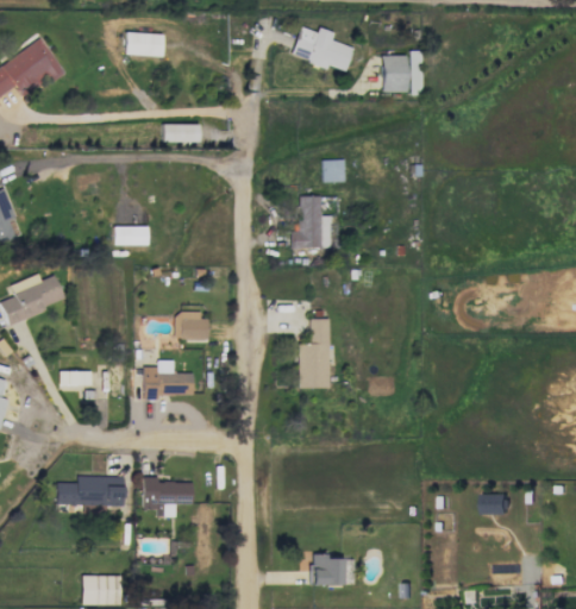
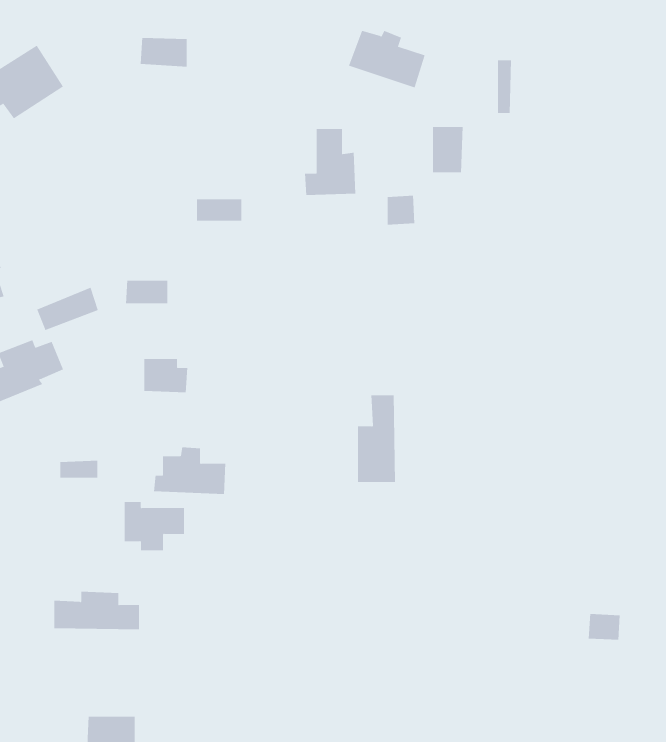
building: [382,55,407,92] -> [432,127,463,173]
building: [162,124,199,142] -> [196,199,242,221]
building: [290,195,332,249] -> [304,128,356,195]
building: none -> [36,287,98,331]
building: [174,312,209,339] -> [143,358,188,393]
building: [144,477,193,516] -> [124,502,185,551]
building: [312,553,344,585] -> none

